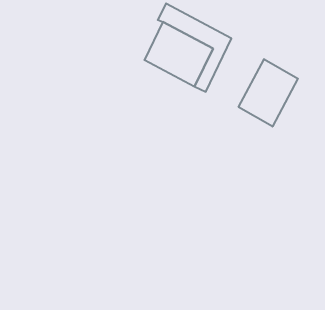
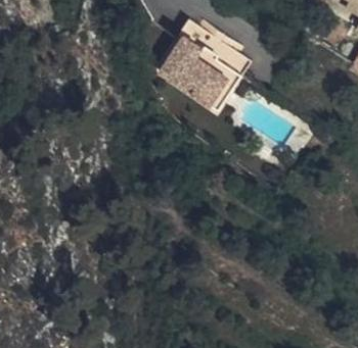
building: [239,59,298,127] -> none

